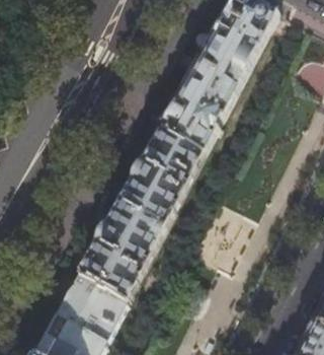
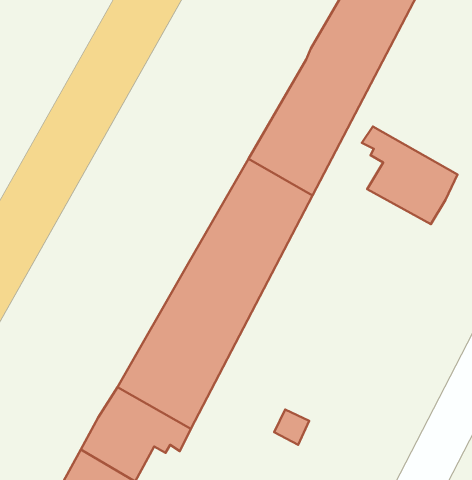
building: none -> [362,126,457,224]

